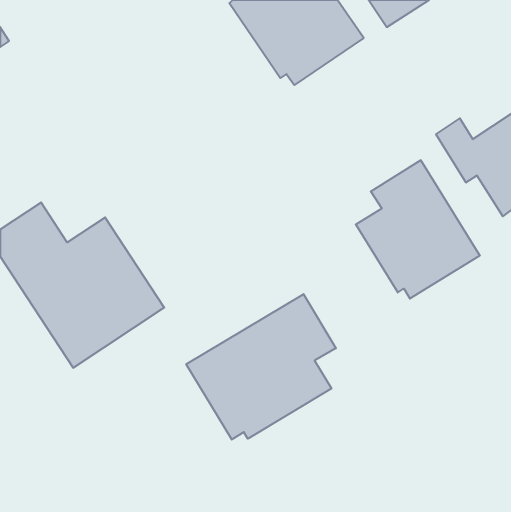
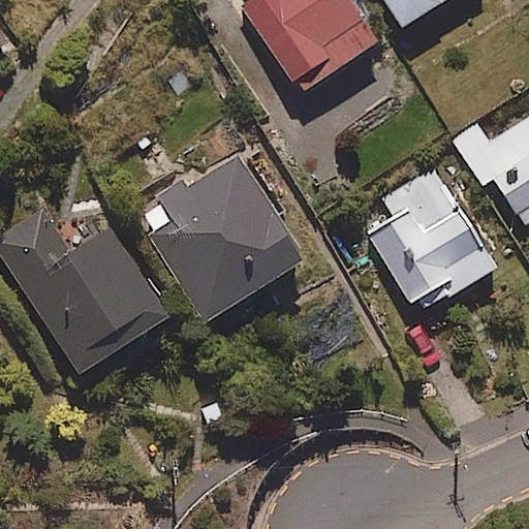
building: none -> [152,153,305,319]
building: [186,294,336,440] -> none

